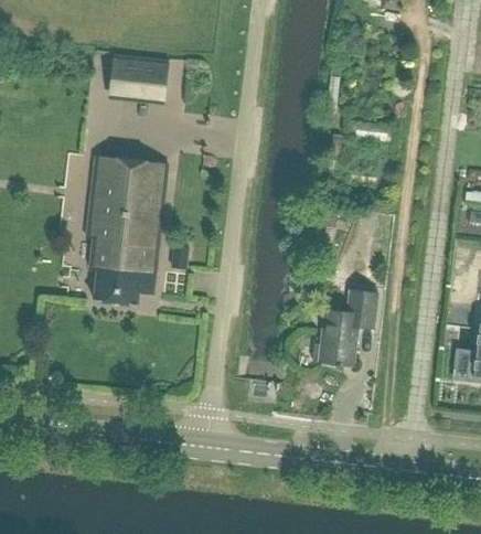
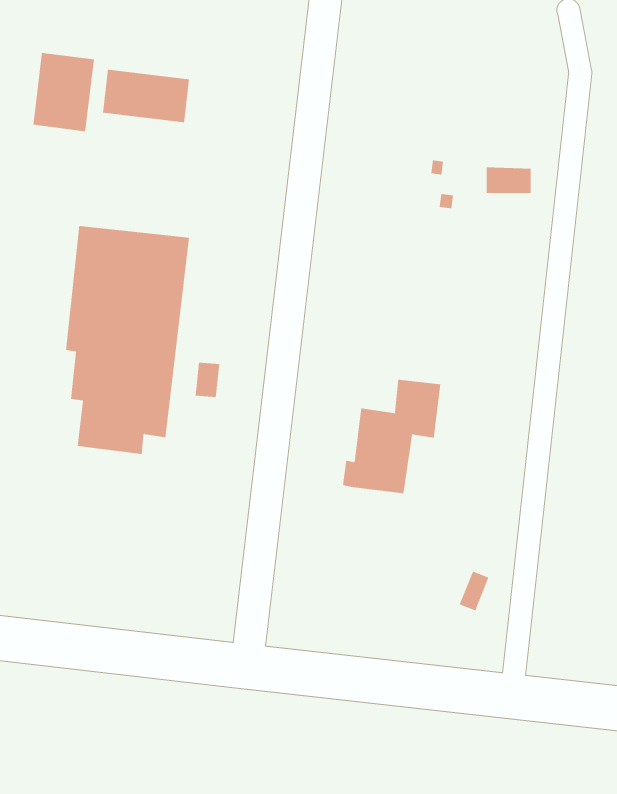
building: none -> [33,52,94,132]
building: [311,291,376,366] -> [342,379,441,494]

